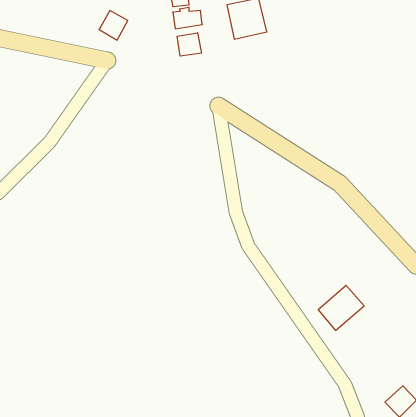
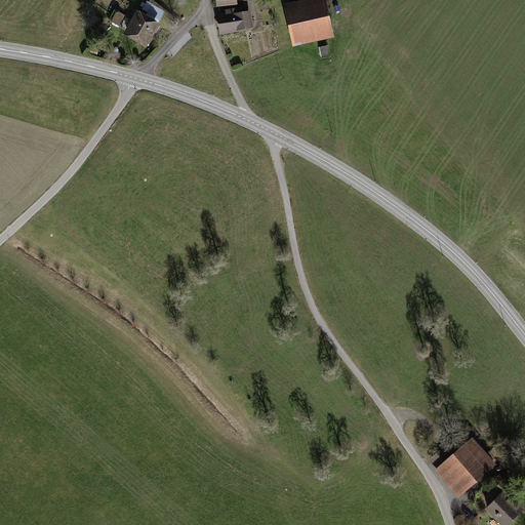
building: [177,33,201,56] -> none
building: [318,285,364,330] -> [435,435,492,491]

